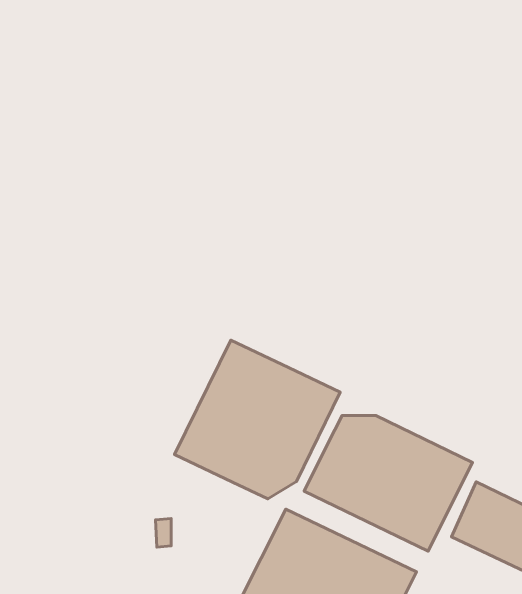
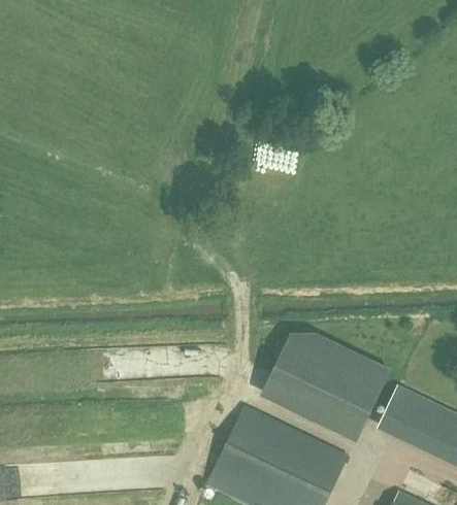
building: [175,340,340,499] -> none

